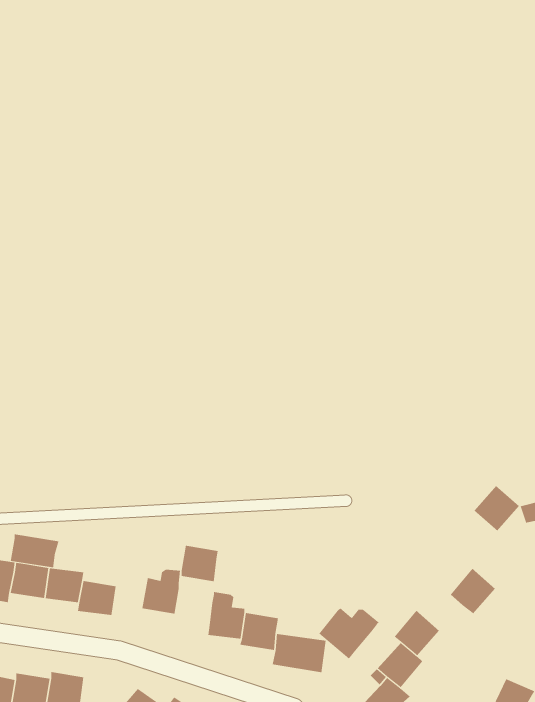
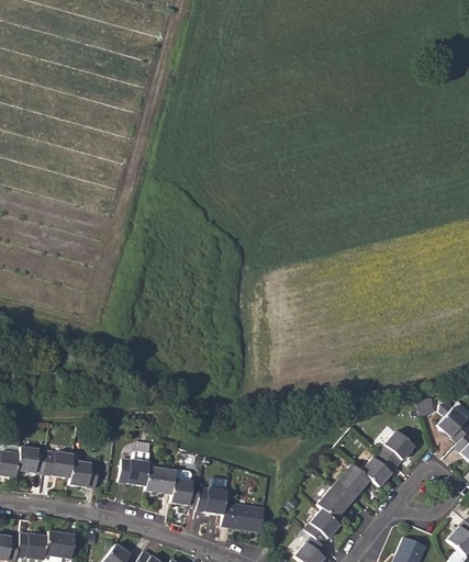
building: [474,485,520,531] -> [379,430,415,467]
building: [10,534,59,568] -> none
building: [181,545,219,582] -> [146,467,176,495]
building: none -> [335,463,371,499]
building: [319,607,380,659] -> none

